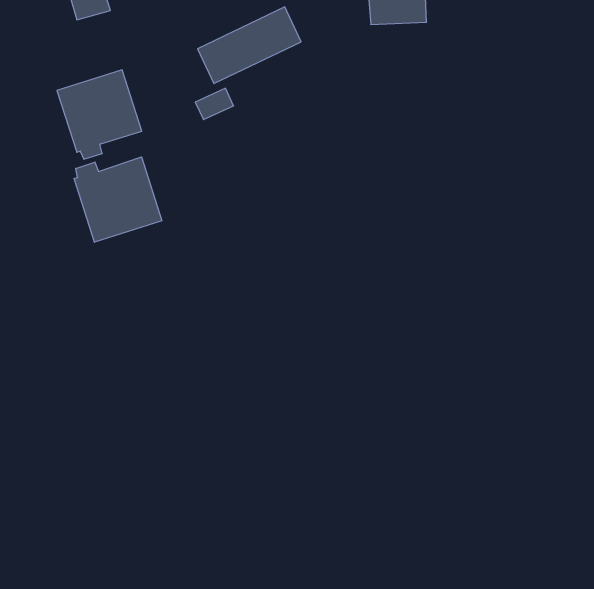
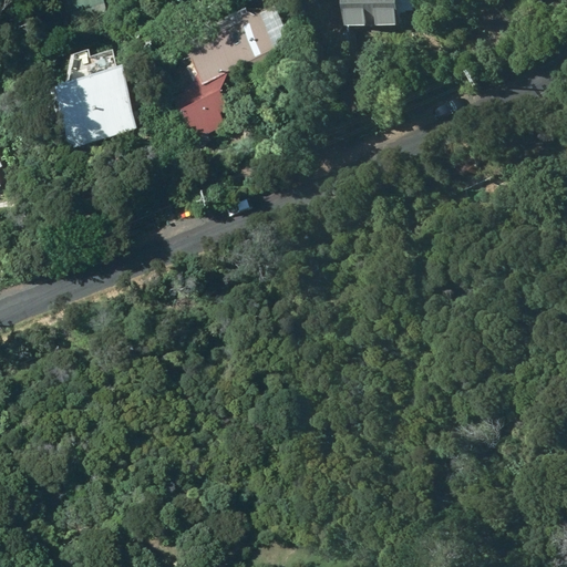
building: [74,157,162,242] -> none

